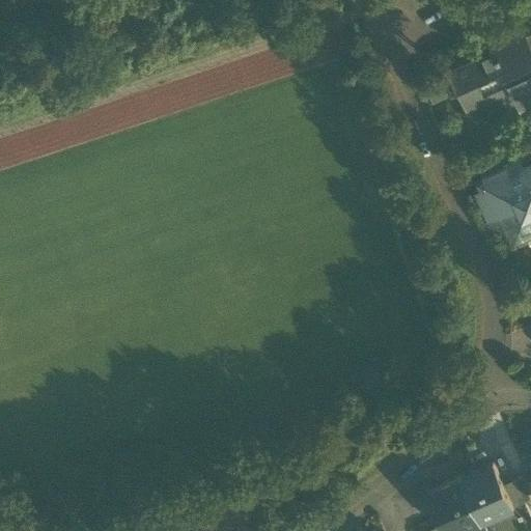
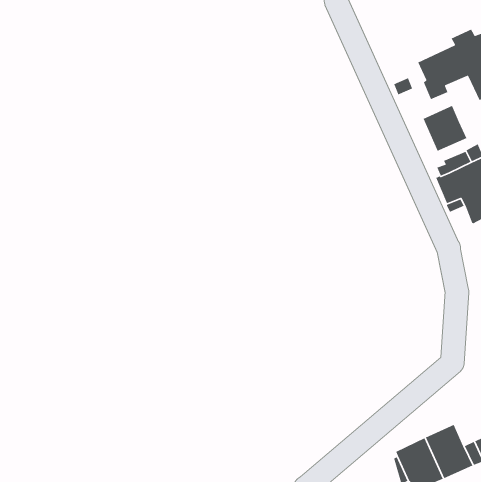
building: none -> [422,105,468,152]

